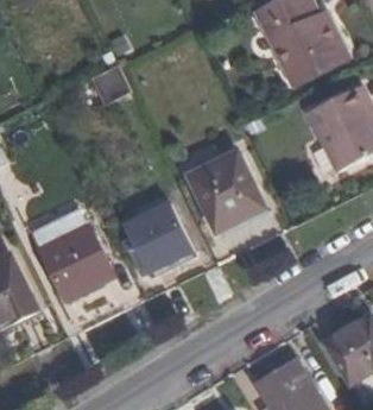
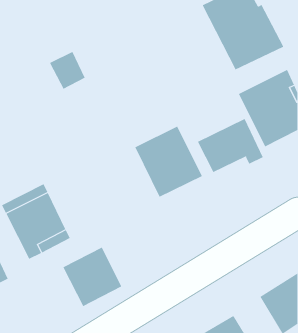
building: none -> [197,118,263,173]
building: [122,203,189,270] -> [63,247,122,307]

